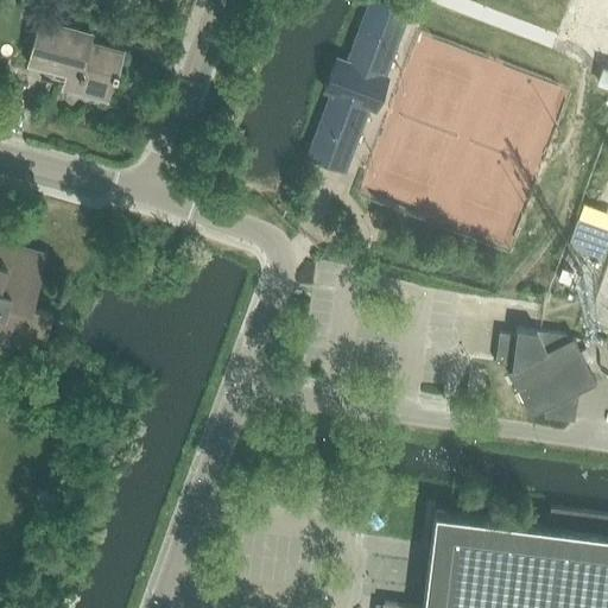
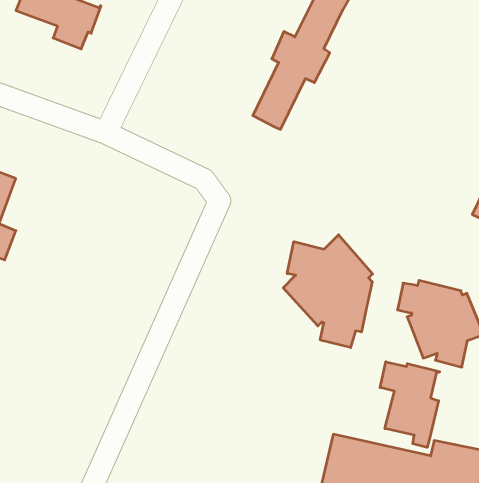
building: none -> [283,235,373,348]
building: none -> [380,362,440,447]

